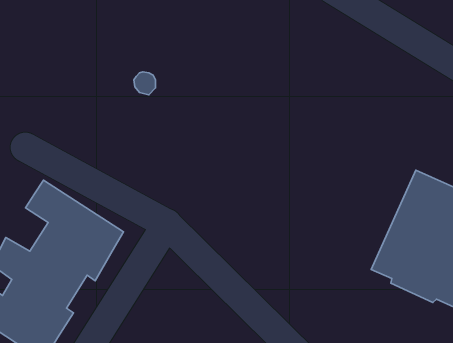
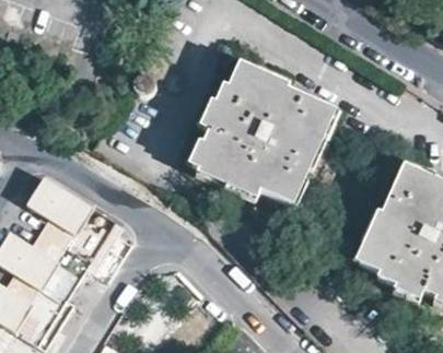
building: none -> [194,62,333,199]

